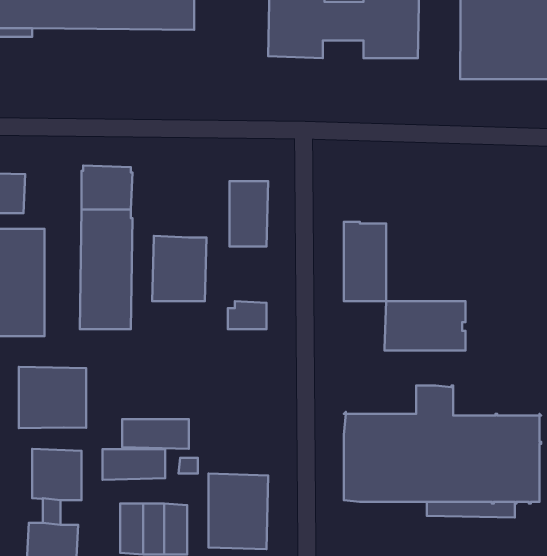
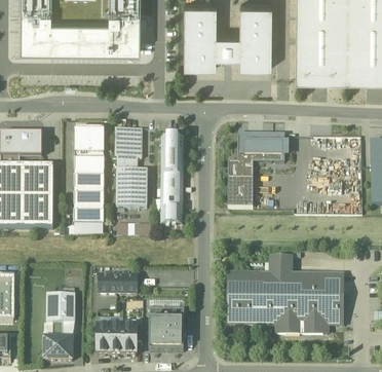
building: none -> [117,128,142,170]
building: none -> [161,175,183,199]
building: [385,301,466,350] -> [237,133,284,161]
building: [19,367,86,428] -> none
building: [103,449,165,480] -> none

